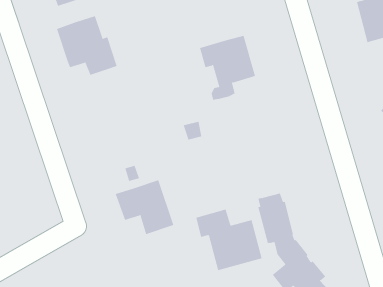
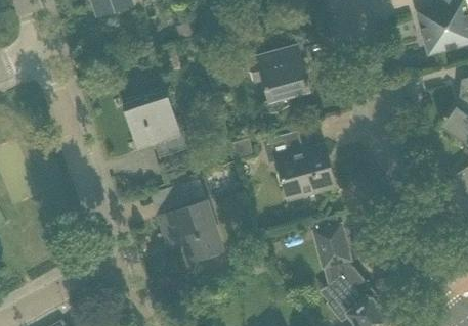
building: [56,15,118,76] -> [123,93,188,157]
building: [196,209,263,271] -> [263,133,335,199]

